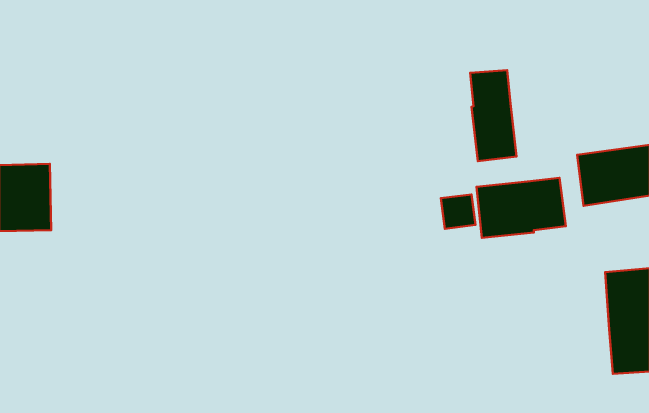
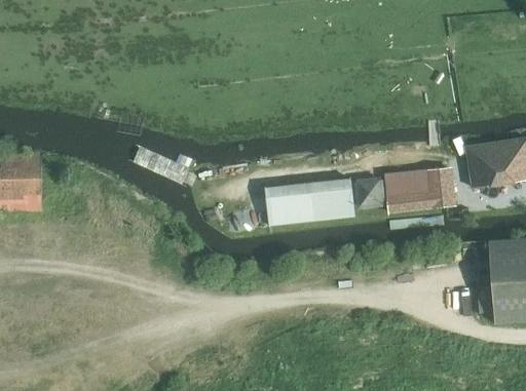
building: [470,70,517,161] -> none
building: none -> [265,180,354,227]

